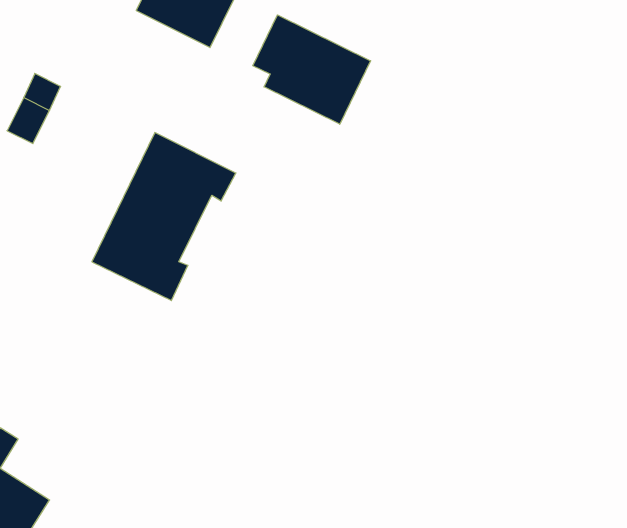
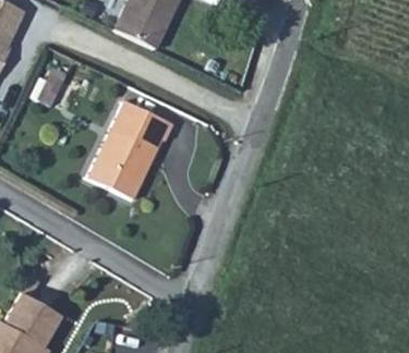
building: [253,15,371,124] -> none

